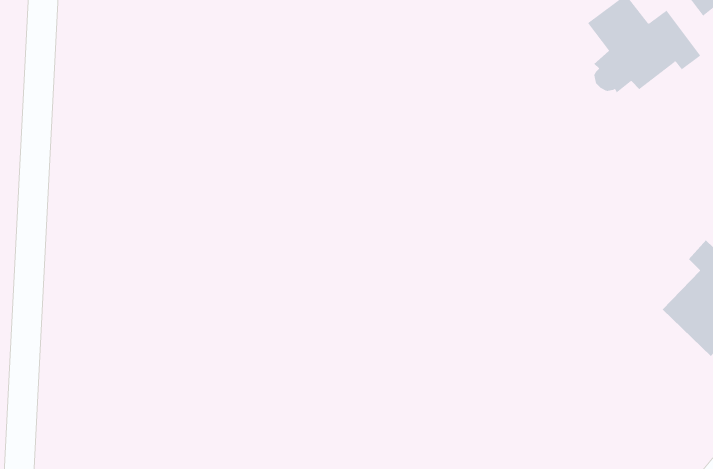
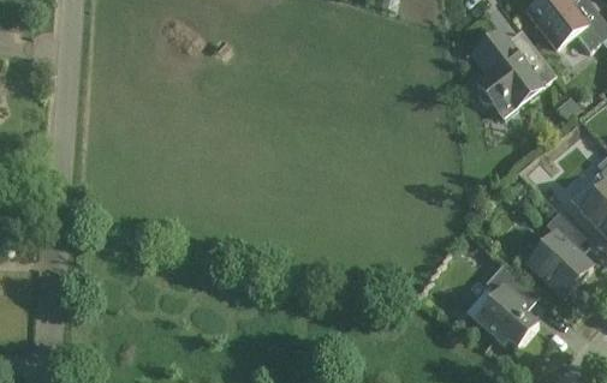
building: none -> [464,262,538,347]

